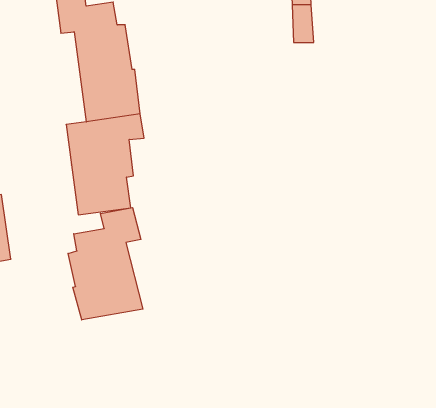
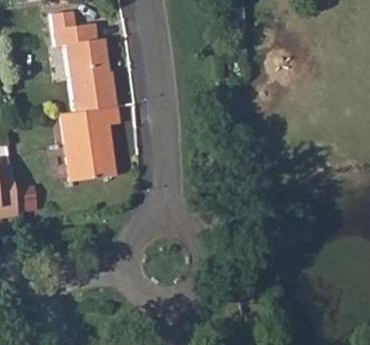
building: [68,208,143,320] -> none

